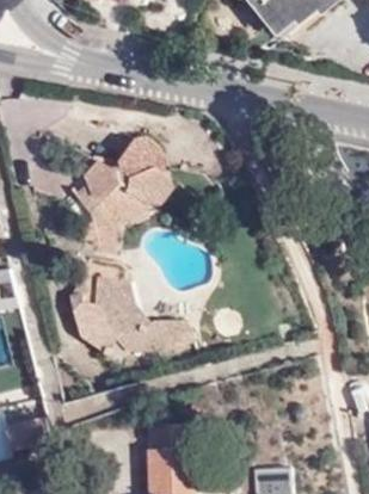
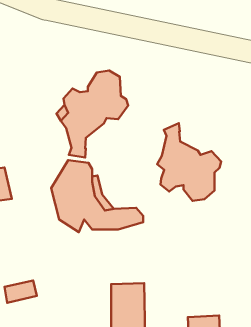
building: none -> [157,123,221,201]

